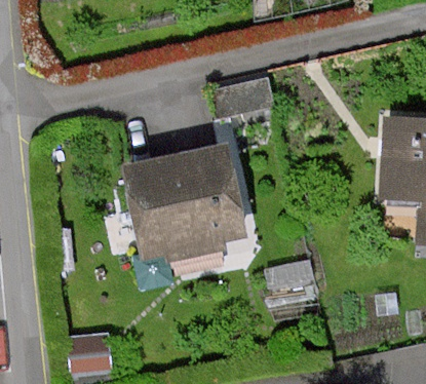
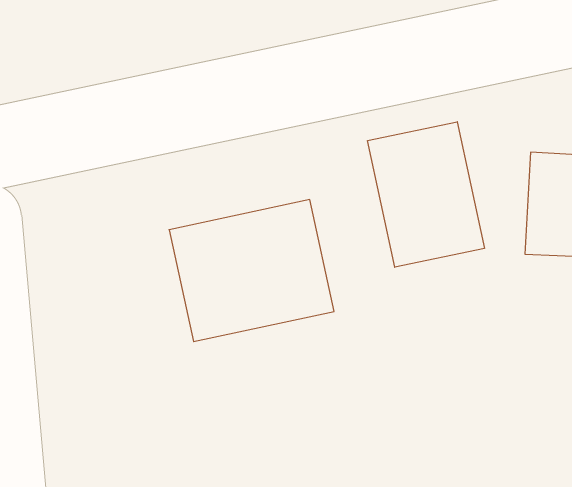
building: none -> [368,122,484,267]

